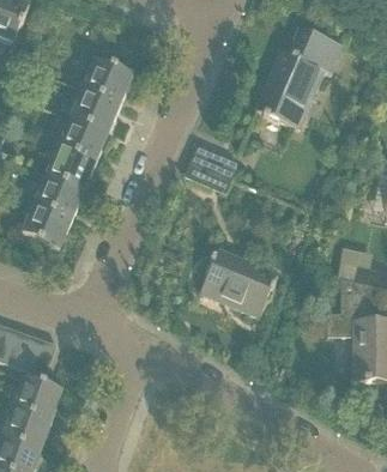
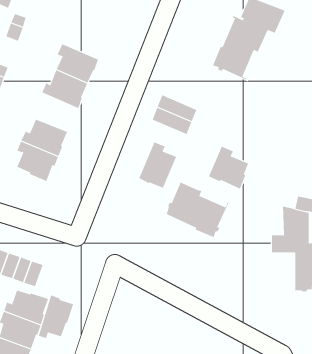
building: [77,58,133,102] -> none
building: [46,141,97,188] -> none
building: none -> [138,142,177,189]
building: none -> [208,146,249,189]
building: none -> [38,295,74,339]

